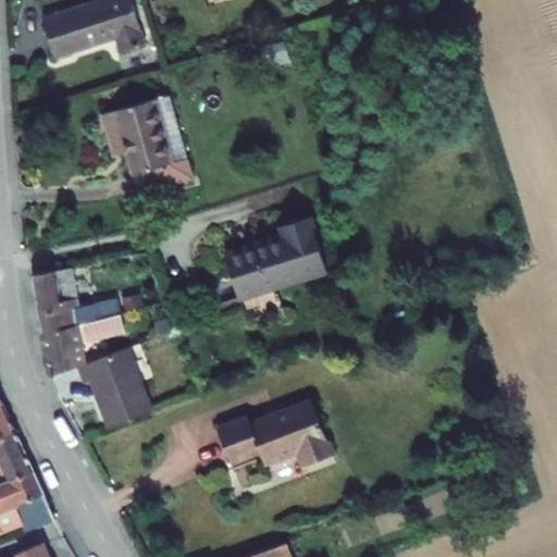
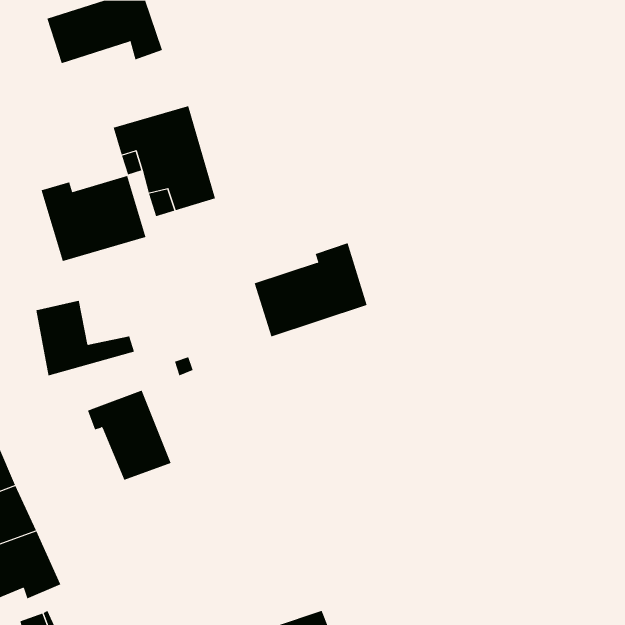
building: none -> [41,175,146,262]
building: [42,314,121,375] -> none
building: [218,403,333,467] -> none

